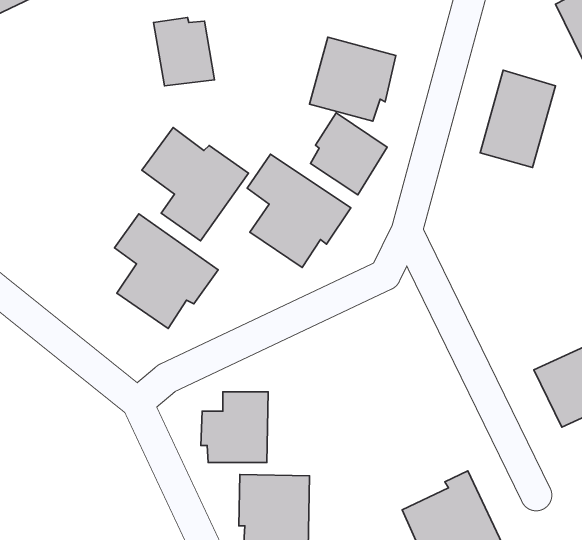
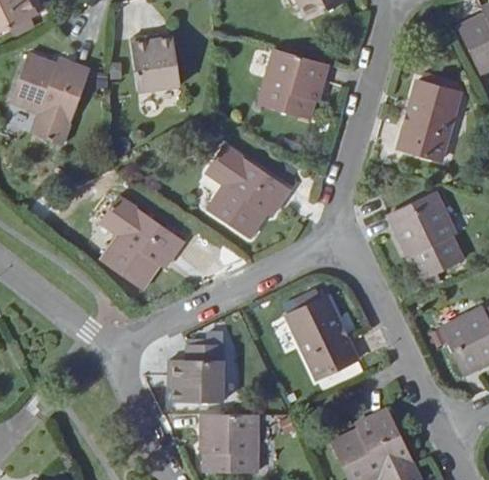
building: none -> [10,54,89,145]
building: [311,113,387,195] -> none
building: [142,127,248,241] -> none
building: none -> [388,190,463,275]
building: none -> [288,294,357,375]

